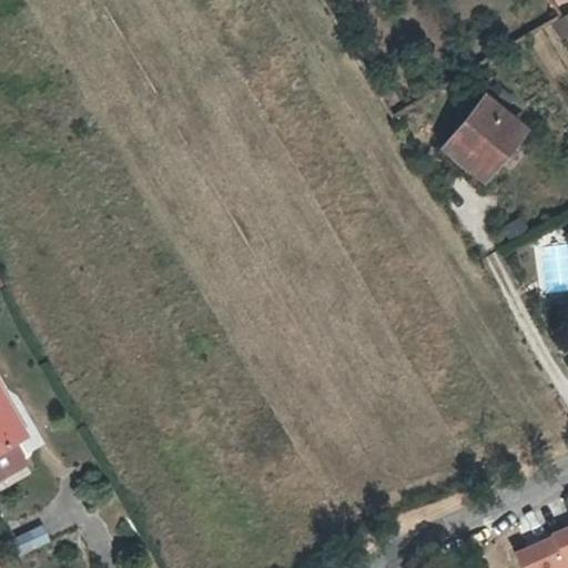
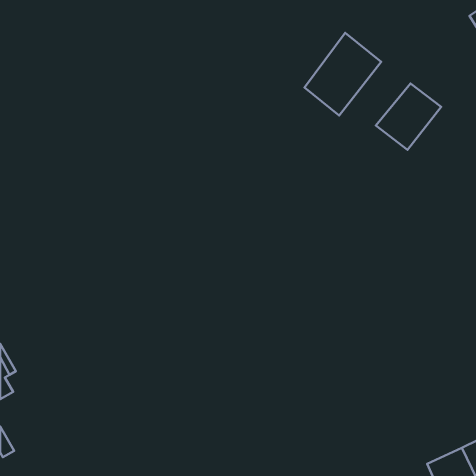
building: none -> [304,33,381,115]

